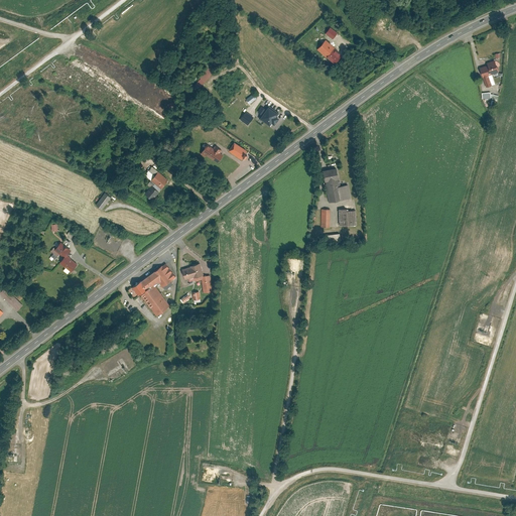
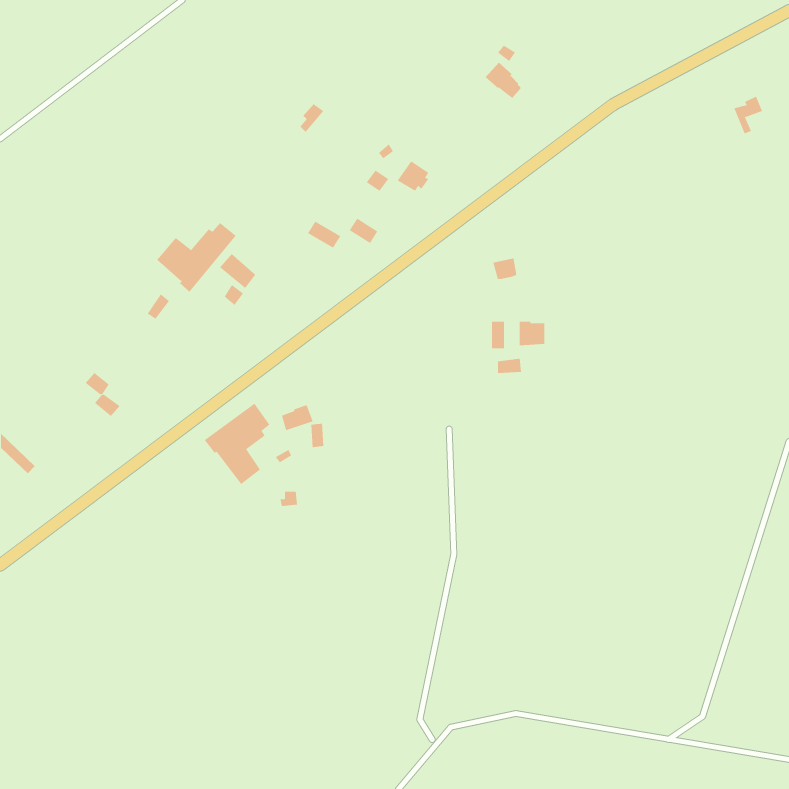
building: none -> [157,222,237,293]
building: [326,180,350,203] -> none

